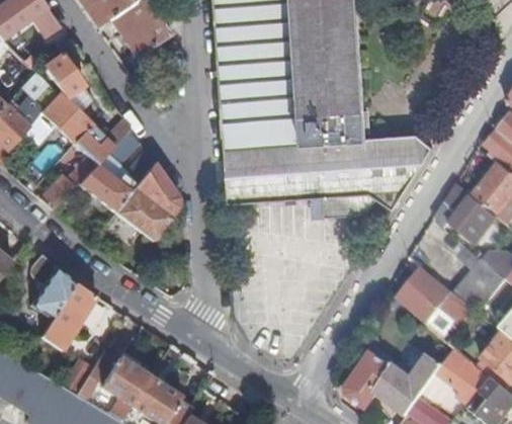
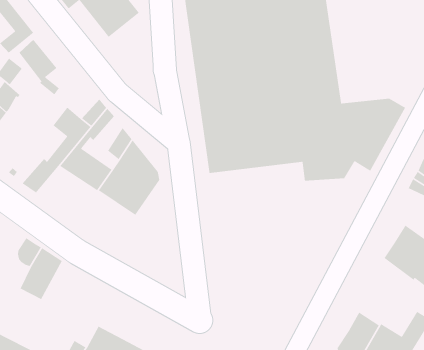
building: [39,91,89,141] -> none
building: [38,278,96,349] -> none

